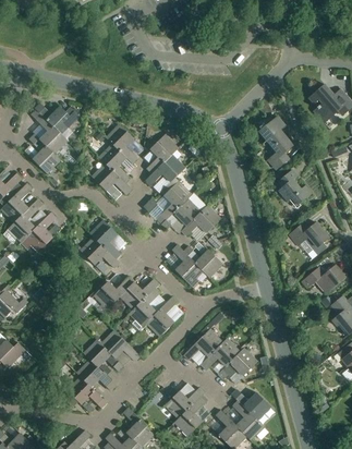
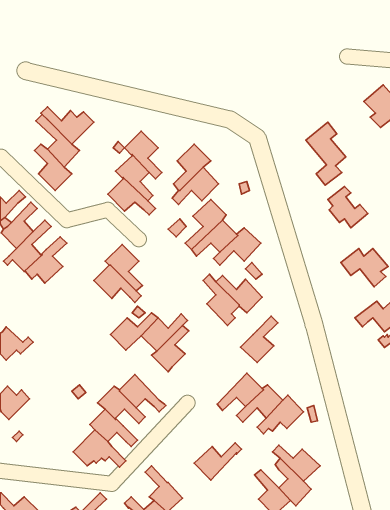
building: [146,296,178,336] -> [240,316,278,363]
building: [174,396,206,436] -> none

